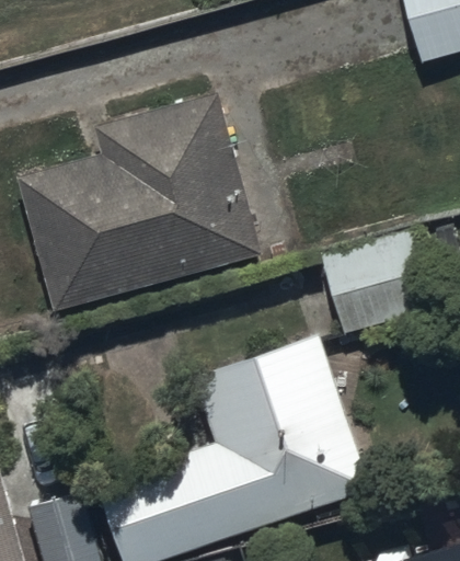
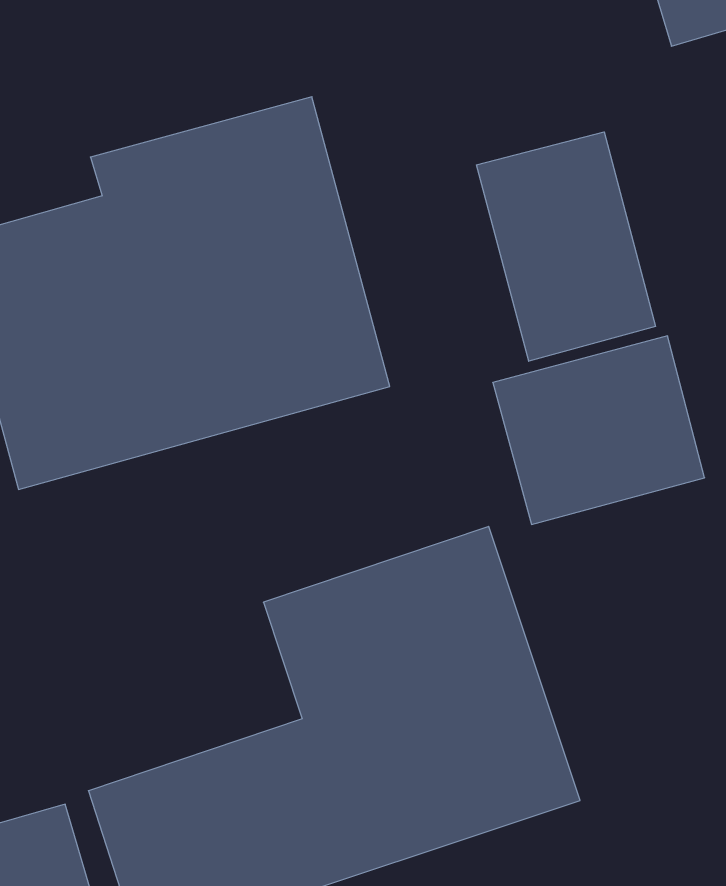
building: none -> [476,132,656,361]

